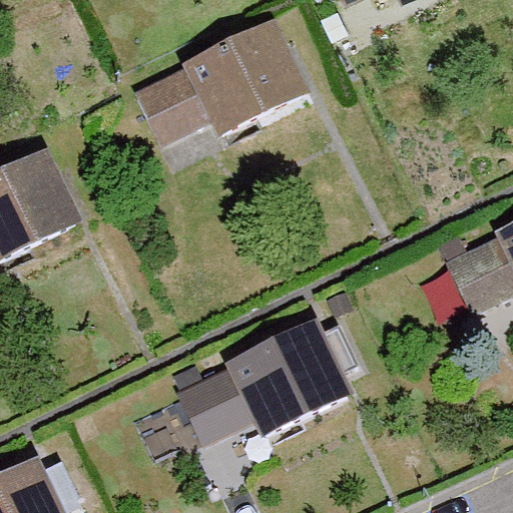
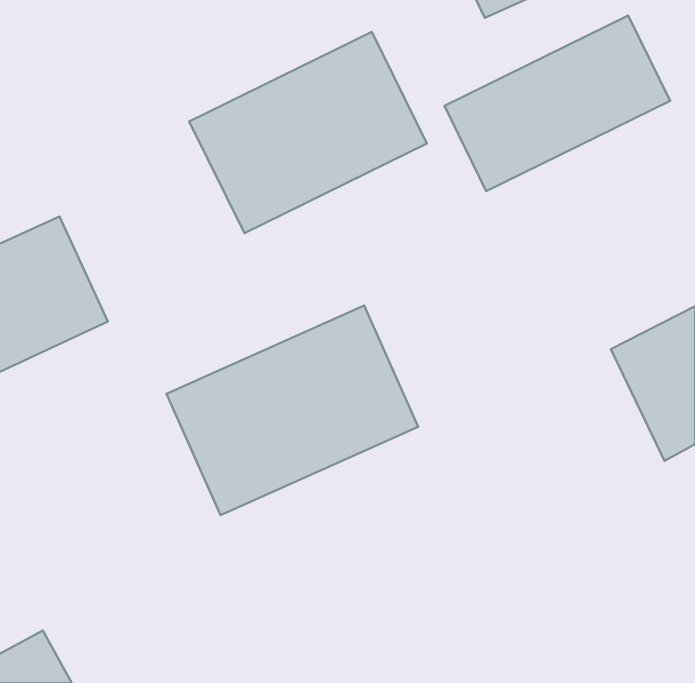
building: none -> [444,16,670,191]
building: [173,316,356,468] -> [167,306,418,515]

